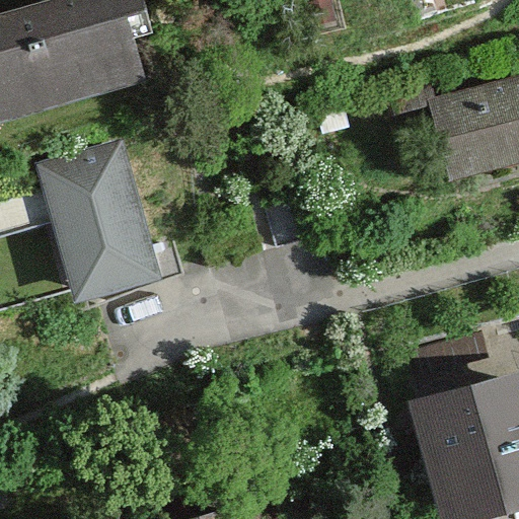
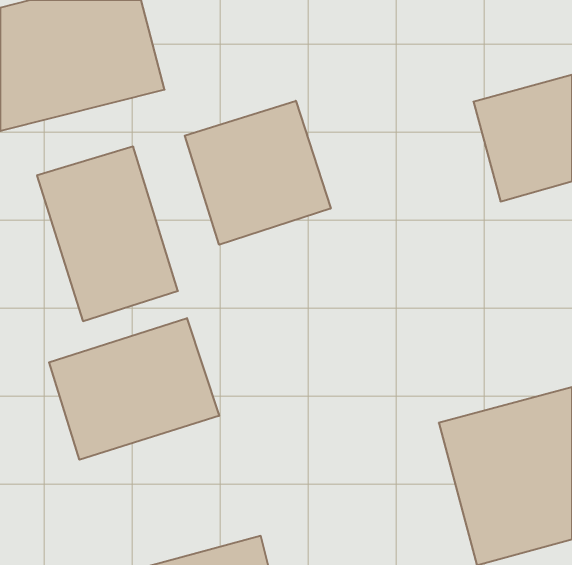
building: none -> [185,101,331,245]
building: none -> [49,318,219,460]

